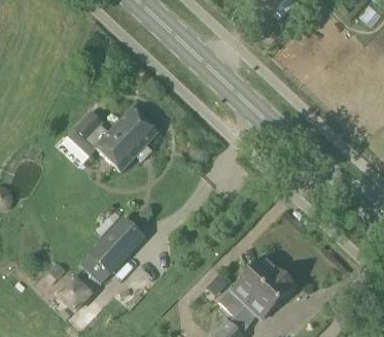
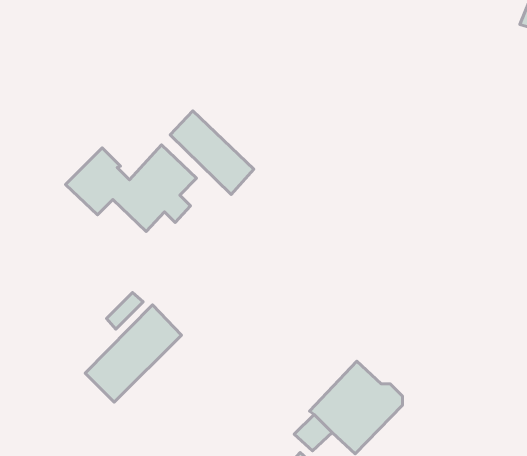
building: none -> [170,111,254,194]
building: [54,274,94,314] -> none

